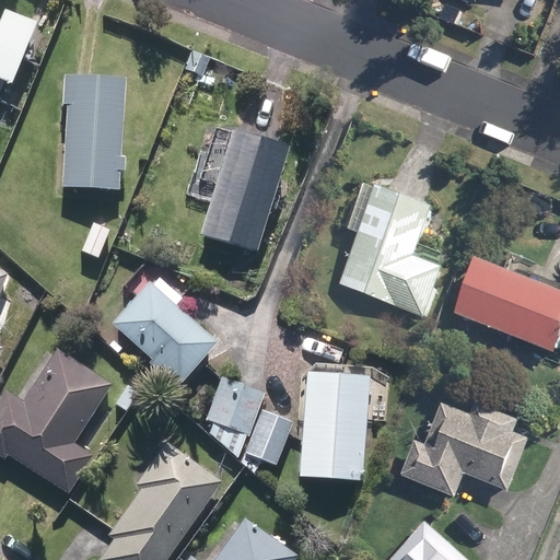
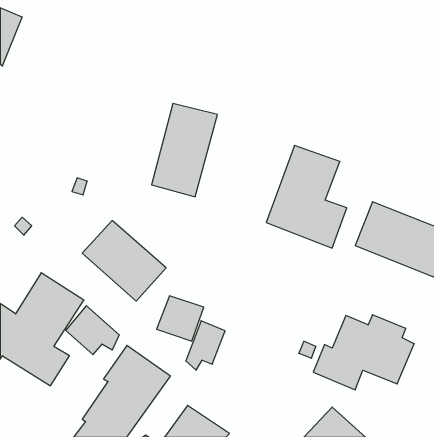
building: [60,75,120,189] -> none
building: [296,372,368,481] -> none
building: none -> [66,306,119,355]

